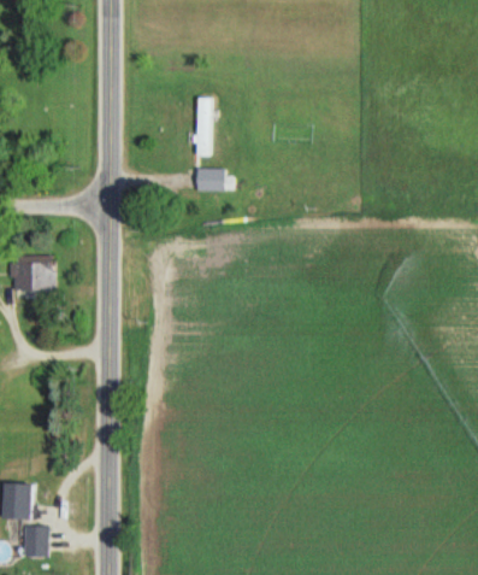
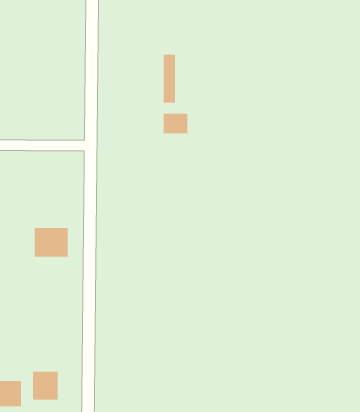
building: [14,254,55,289] -> [34,228,69,257]
building: none -> [32,371,58,401]

